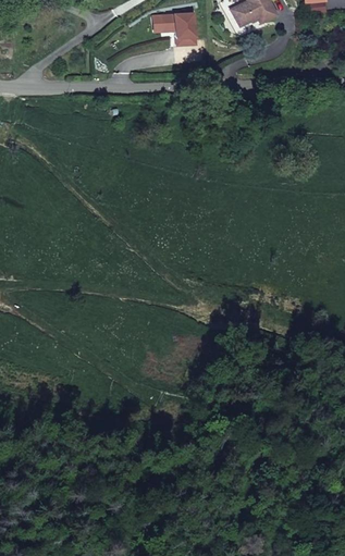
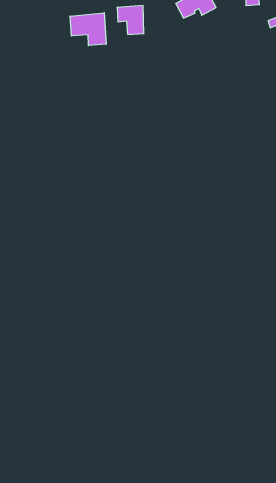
building: none -> [70,13,106,46]

